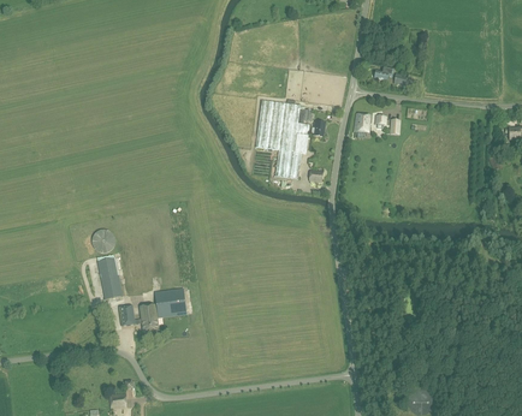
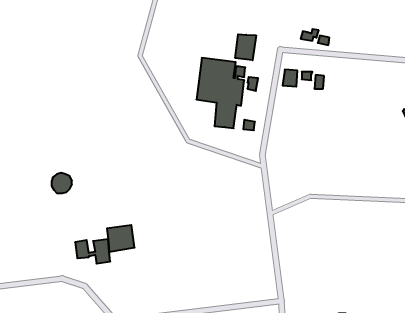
building: none -> [235,34,256,60]
building: [96,256,121,298] -> none

